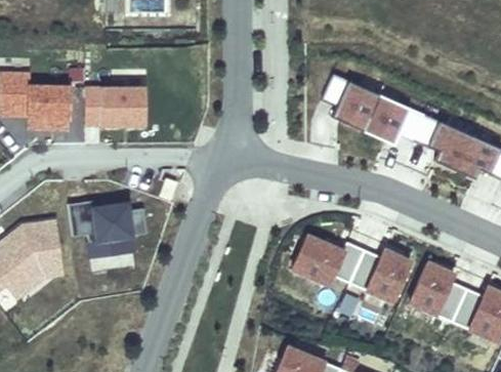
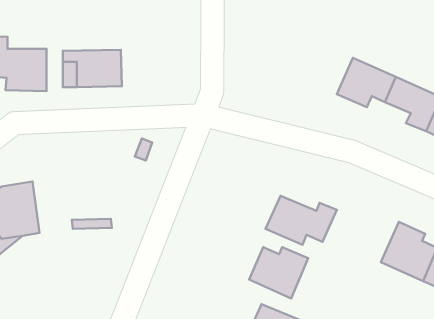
building: [323,74,381,131] -> none
building: [68,201,148,257] -> none
building: [350,249,411,301] -> [249,247,308,299]

